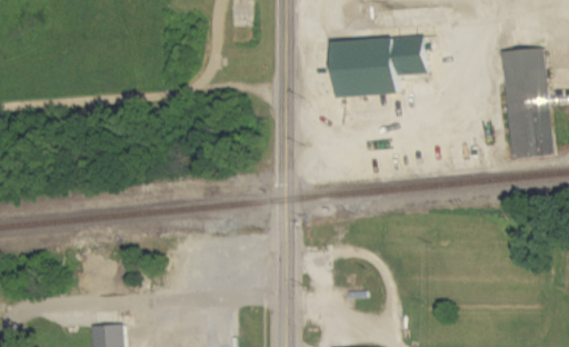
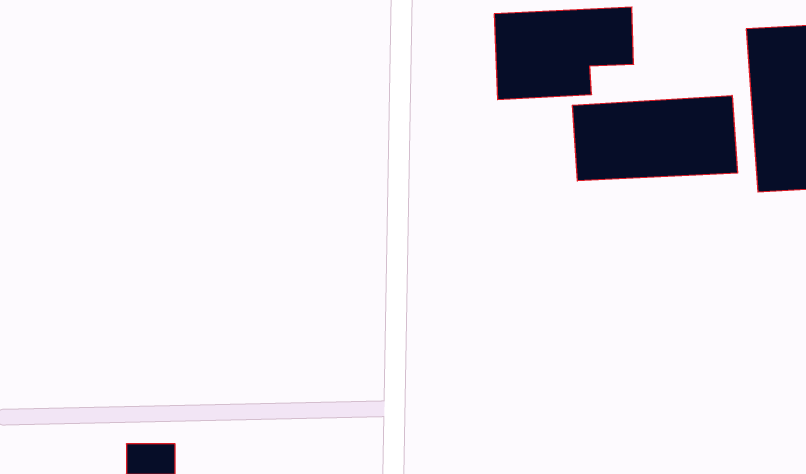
building: none -> [572,95,737,181]

